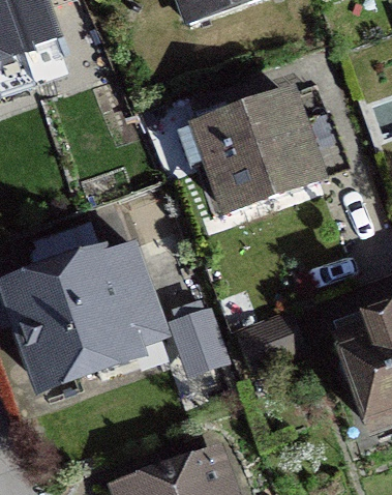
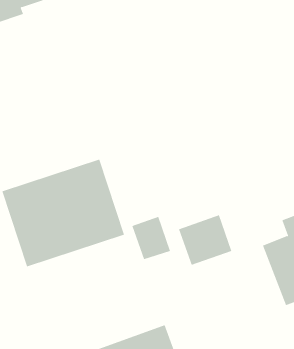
building: [174,84,328,219] -> none

